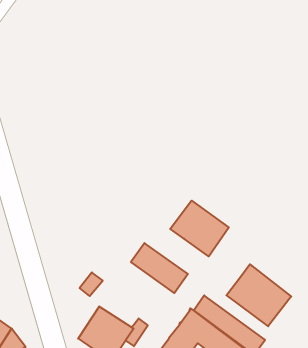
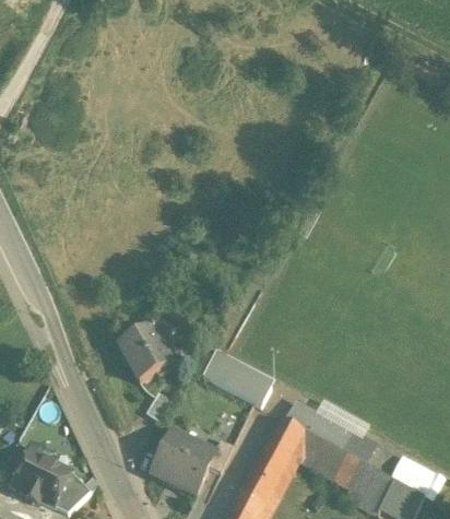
building: [170,201,229,256] -> none
building: none -> [117,316,179,385]
building: [226,264,291,326] -> none

